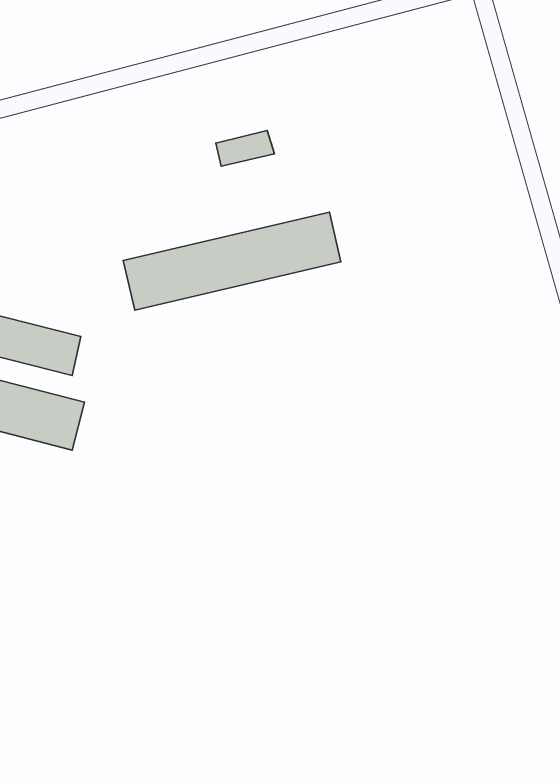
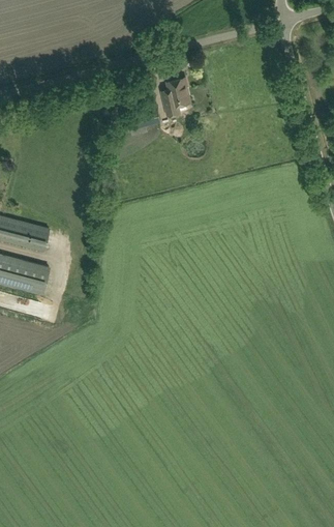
building: none -> [162,79,190,117]
building: [123,212,341,310] -> none

